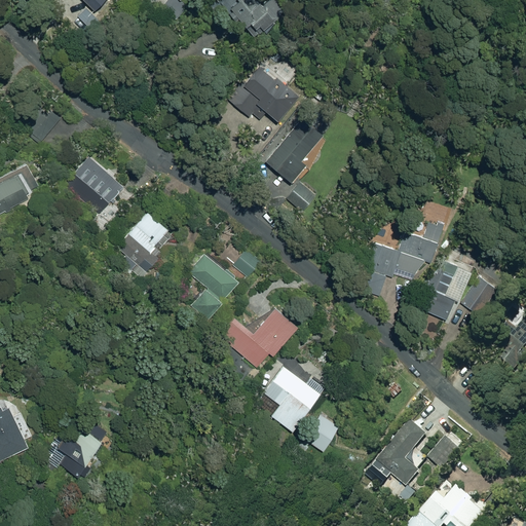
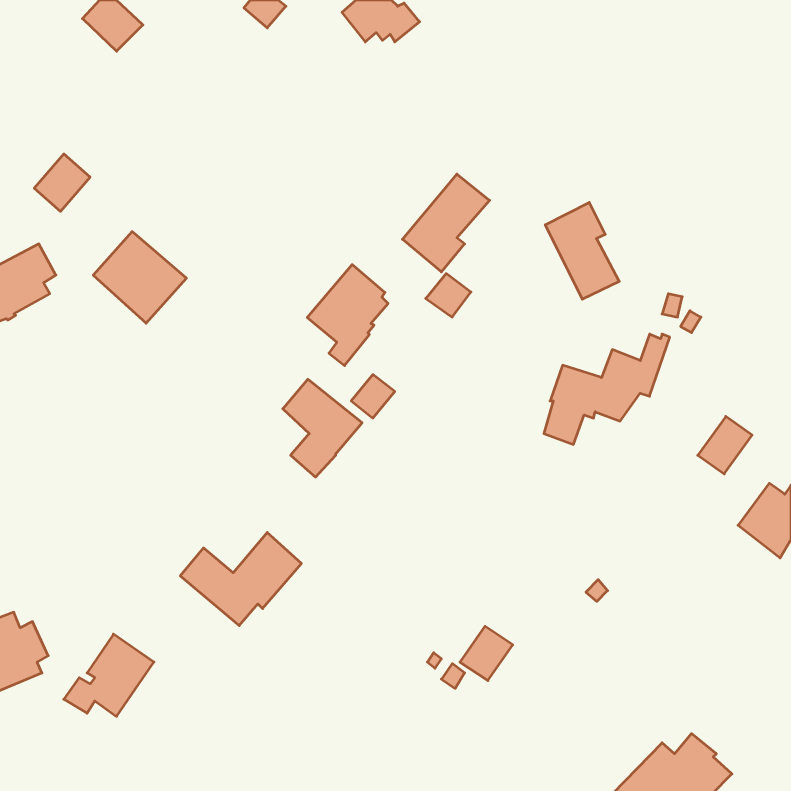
building: [228,68,299,121] -> none
building: none -> [545,202,619,299]
building: [117,211,171,277] -> [307,265,388,366]
building: [417,264,471,321] -> none
building: [218,306,298,368] -> [180,532,301,626]
building: [263,365,324,431] -> none
building: [376,421,427,487] -> none
building: [427,438,459,471] -> none

